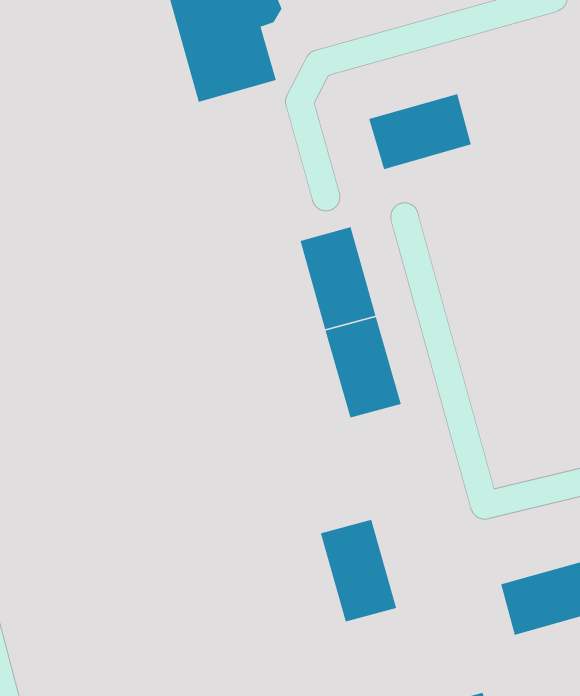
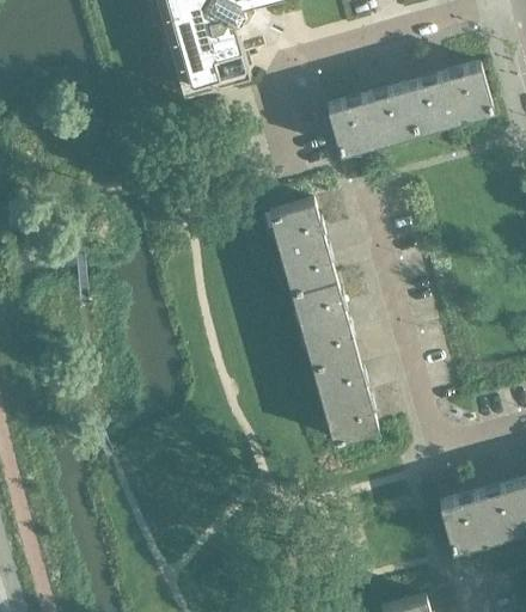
building: none -> [403,63,491,129]
building: [320,519,397,623] -> [311,350,377,439]

